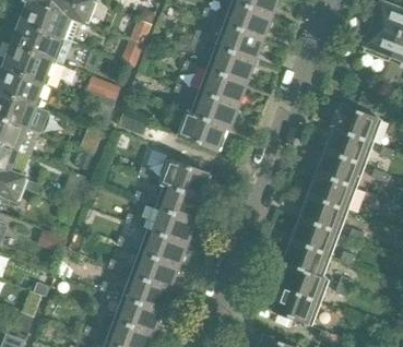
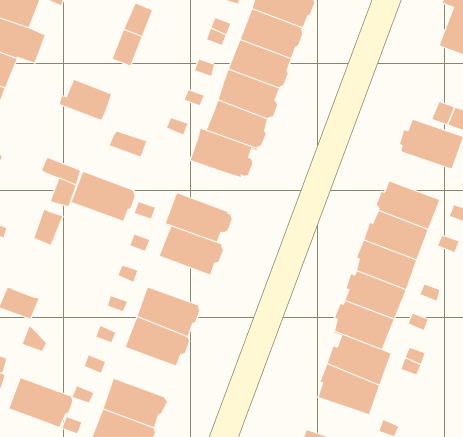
building: [325,129,374,165] -> none
building: [147,206,195,243] -> [71,171,136,221]
building: [122,274,170,311] -> [8,377,73,428]

